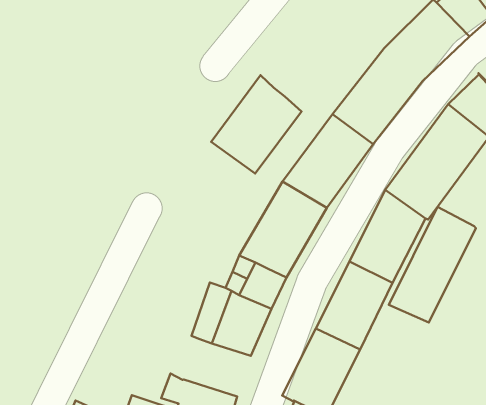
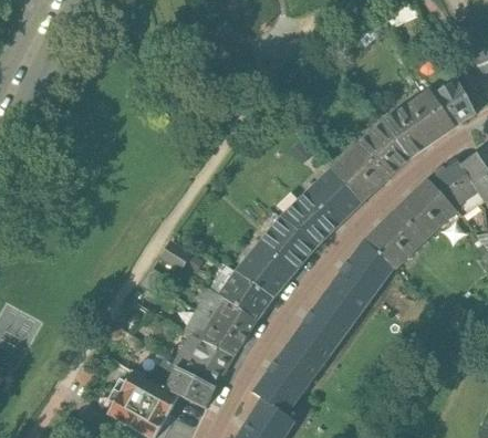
building: [211,75,302,173] -> none
building: [389,207,476,323] -> none
building: none -> [174,334,232,386]

